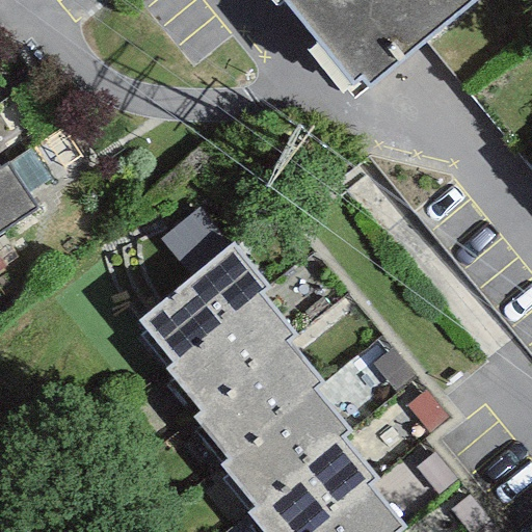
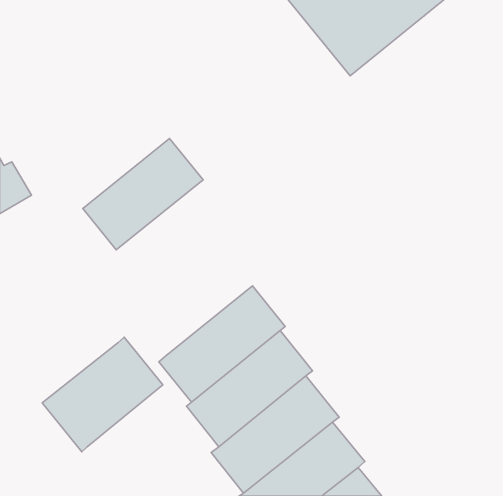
building: [139,258,266,375] -> [83,138,203,250]
building: none -> [42,337,163,452]

